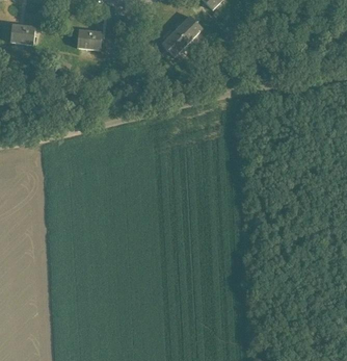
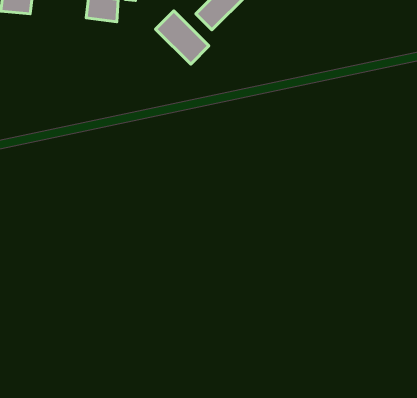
building: none -> [156,11,209,64]

